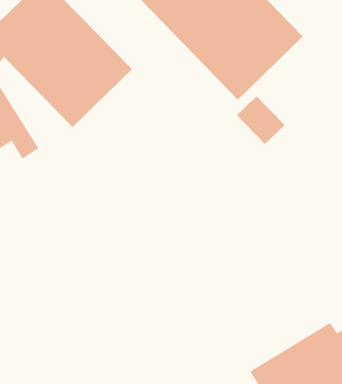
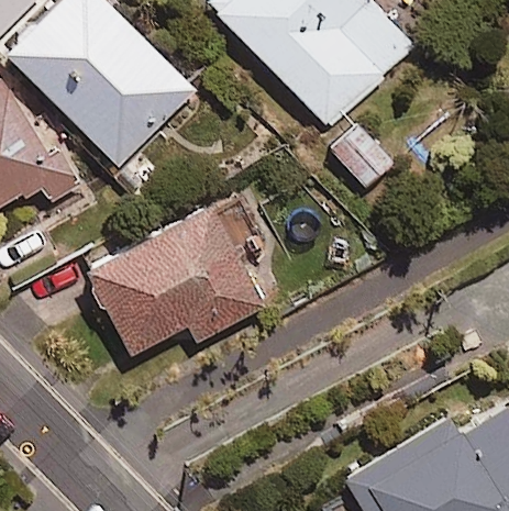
building: none -> [84,201,264,354]

